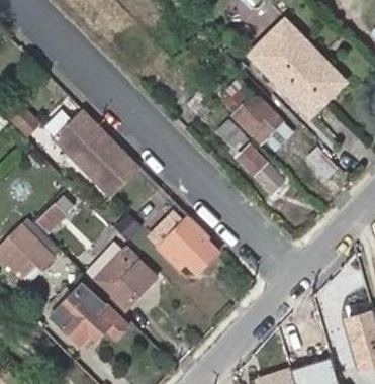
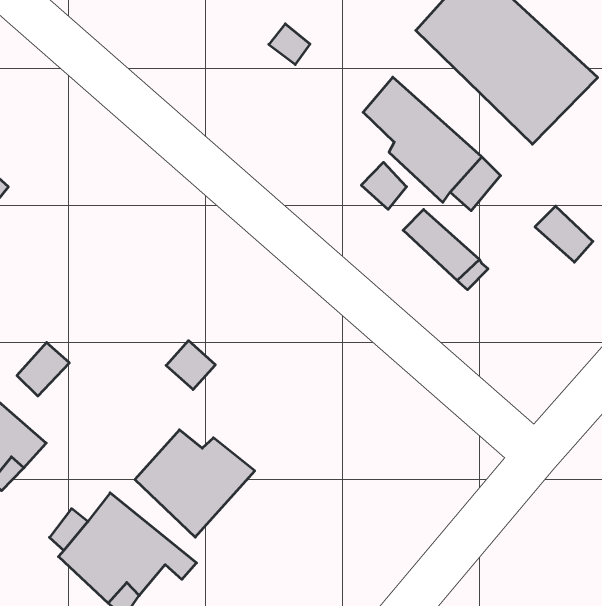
building: [52,107,138,195] -> none
building: [159,215,216,271] -> none

